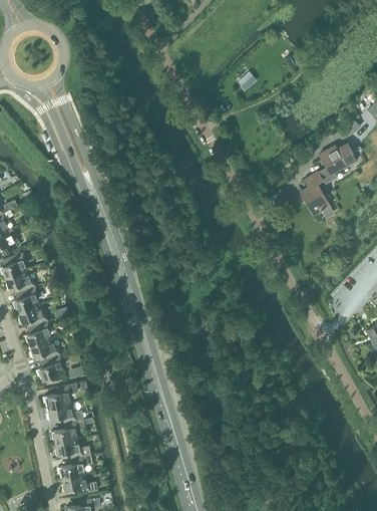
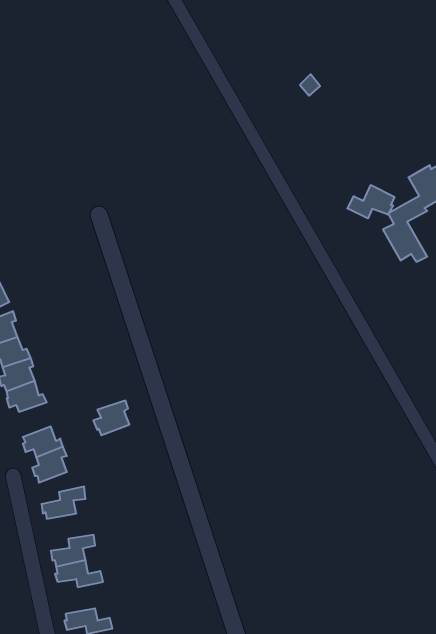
building: none -> [347,185,394,218]
building: [24,321,51,347] -> [93,401,129,435]
building: [47,405,83,424] -> none
building: [58,456,92,480] -> none

